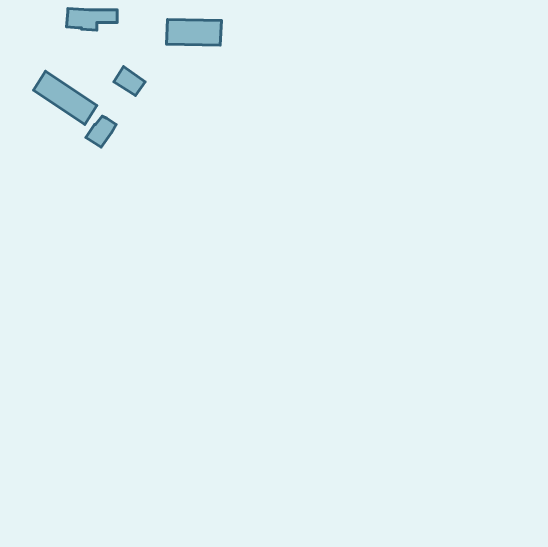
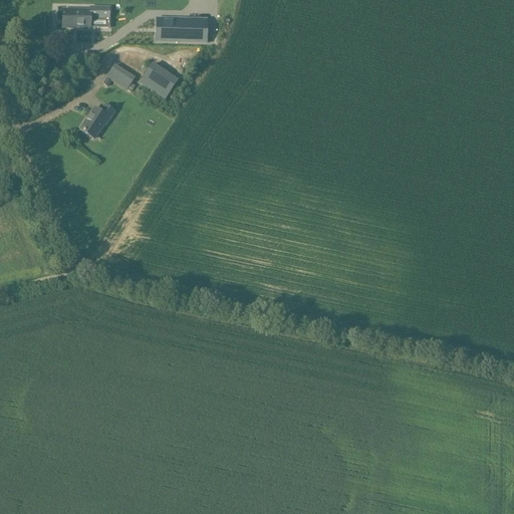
building: none -> [140,62,179,100]
building: [33,71,97,125] -> none

